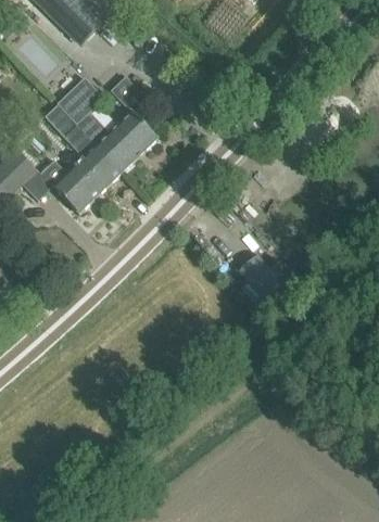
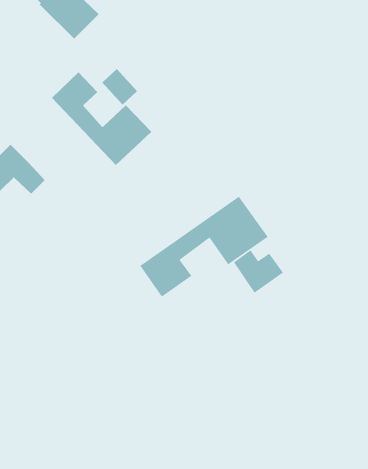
building: [42,103,122,213] -> none
building: none -> [140,196,268,298]

